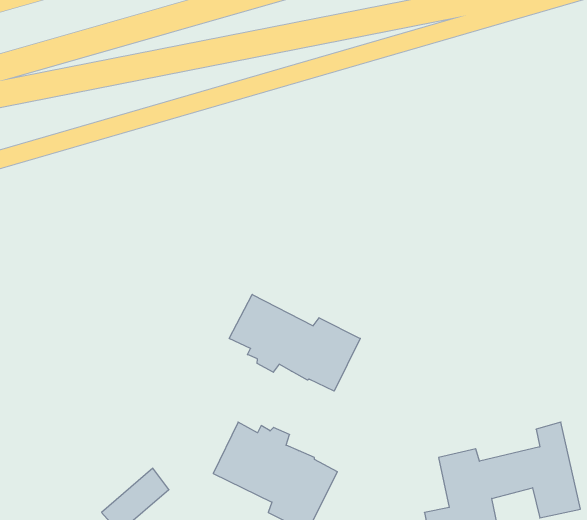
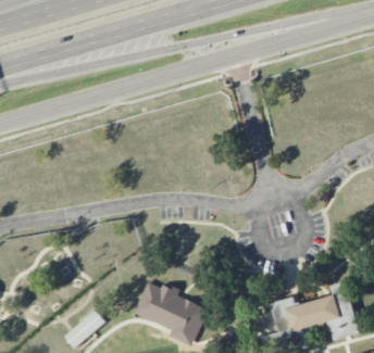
building: [229,294,360,391] -> none

